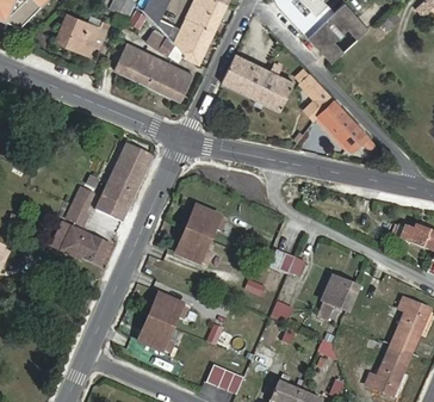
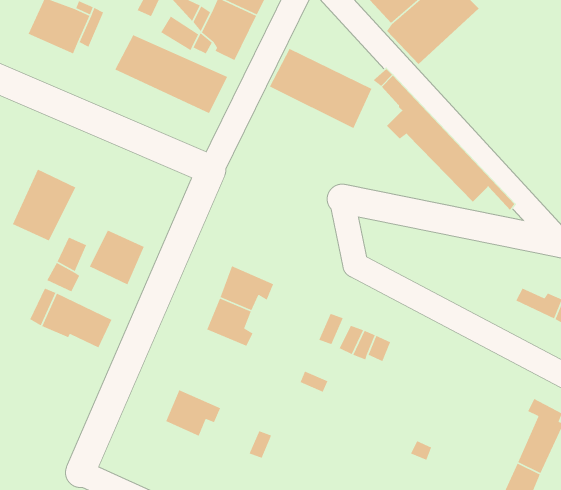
building: [107,142,153,193] -> [12,168,76,241]
building: [320,277,355,310] -> none
building: [138,316,173,352] -> none

